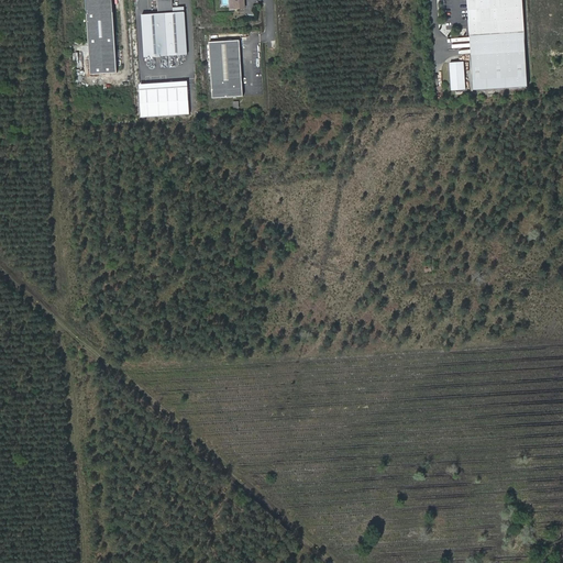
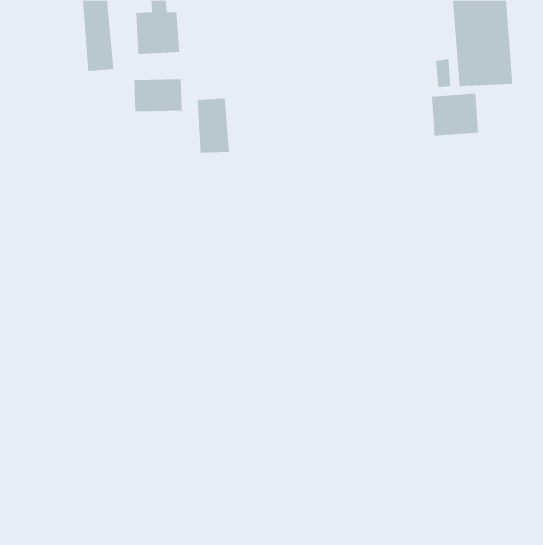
building: [203,37,238,95] -> [197,98,230,153]
building: none -> [431,93,479,137]

